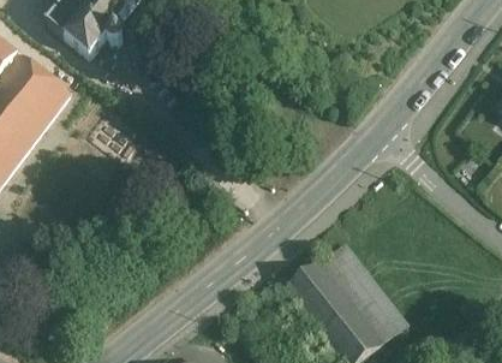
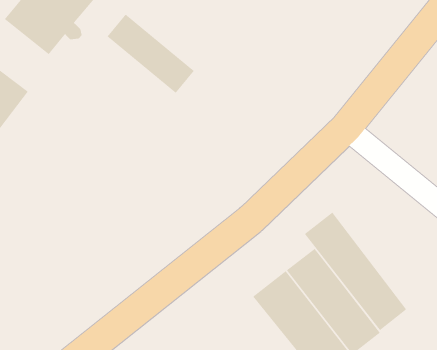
building: none -> [106,13,195,94]
building: none -> [304,211,407,331]

